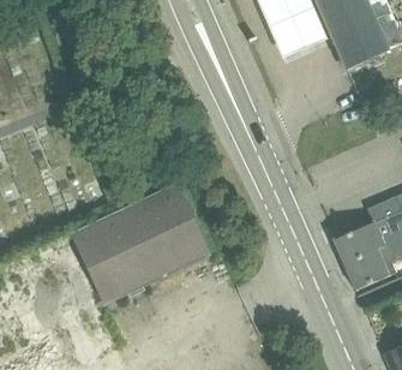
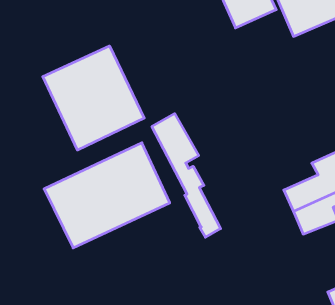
building: none -> [43,46,144,150]
building: none -> [152,114,221,237]

